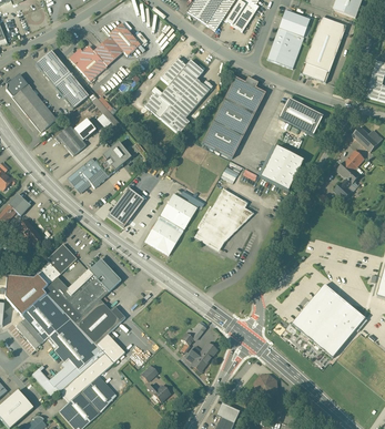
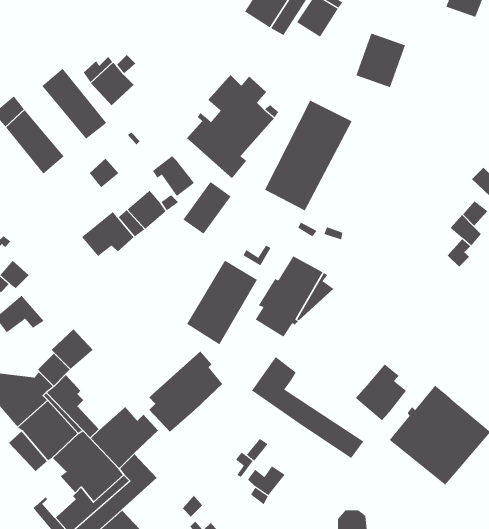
building: [278,10,311,37] -> none
building: [301,16,346,82] -> none
building: [108,23,140,55] -> none
building: [278,98,324,135] -> none
building: [54,125,85,155] -> [152,156,195,197]
building: [261,146,305,190] -> none
building: [108,187,143,226] -> [183,181,231,235]
building: [65,256,120,316] -> [149,350,223,433]
building: none -> [251,356,364,459]
building: none -> [355,363,407,421]

